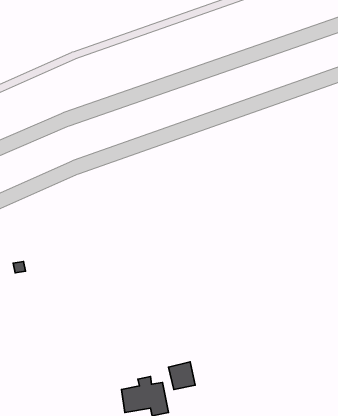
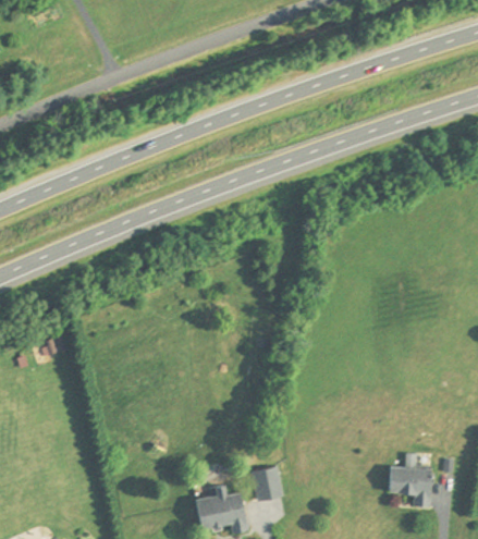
building: none -> [382,465,429,506]

